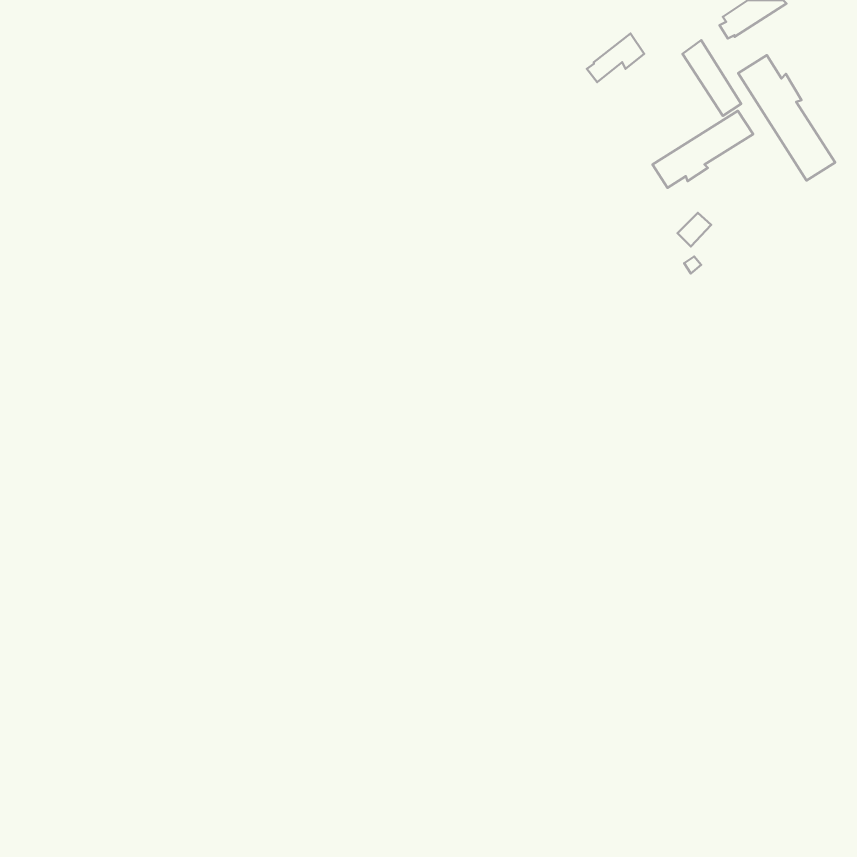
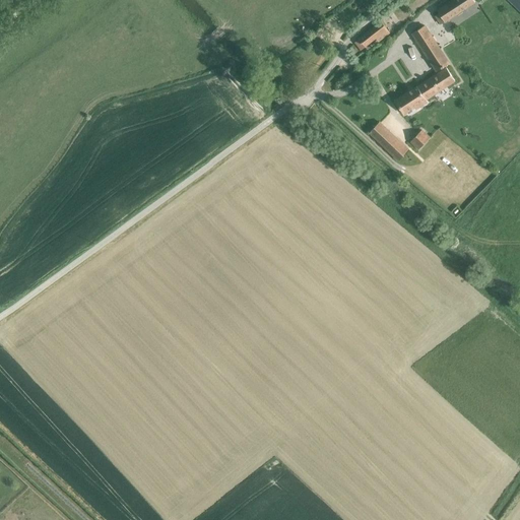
building: [738,55,835,180] -> none
building: none -> [369,121,409,159]

